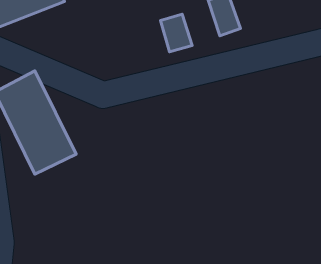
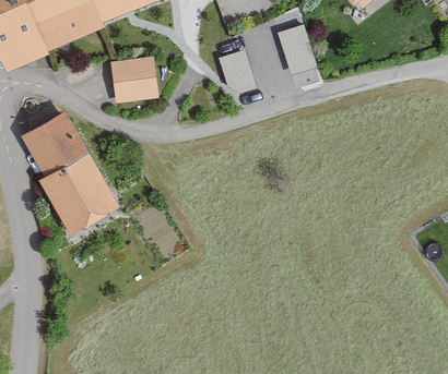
building: none -> [109,58,157,102]

